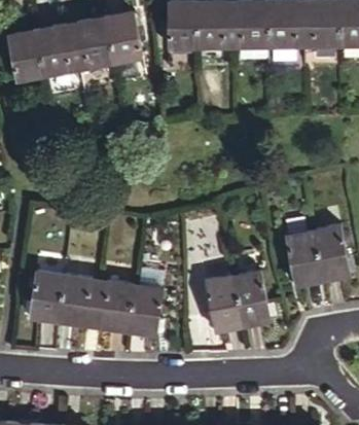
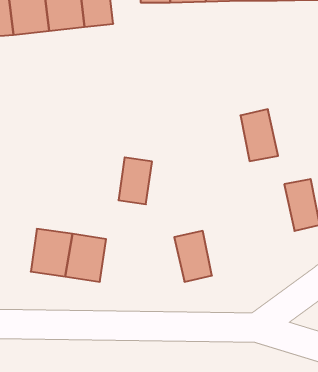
building: [285,229,323,282] -> [240,109,278,161]
building: [230,271,268,322] -> none
building: [30,272,63,318] -> none
building: [127,285,160,332] -> [118,157,152,204]

